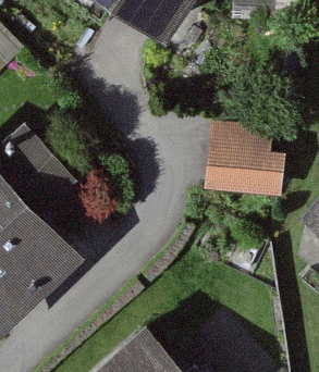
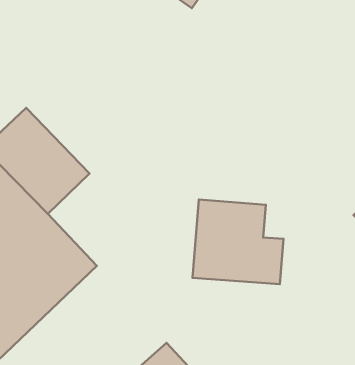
building: [211,125,290,198] -> [193,200,284,284]

